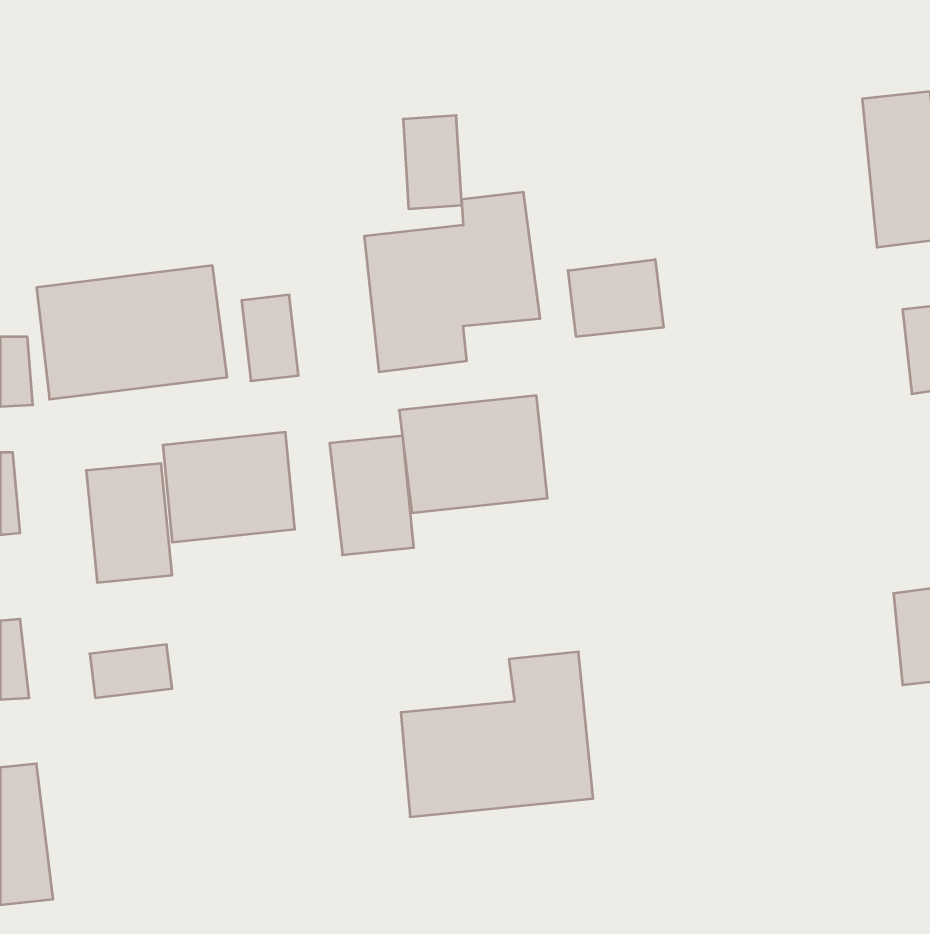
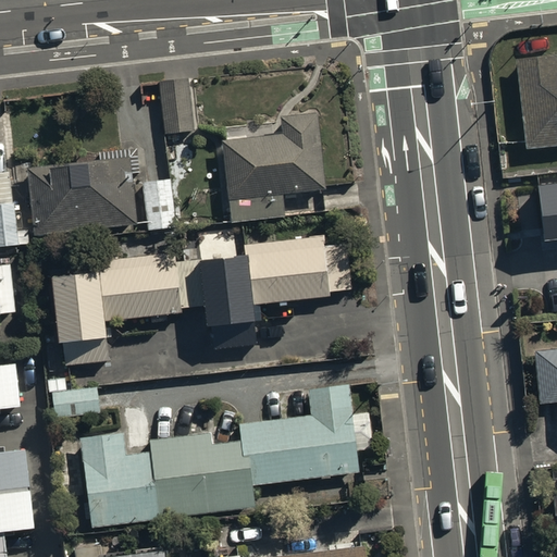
building: [403,115,462,209] -> [164,75,199,131]
building: [568,259,664,337] -> none
building: none -> [83,434,250,525]

